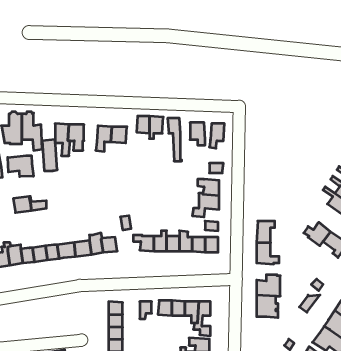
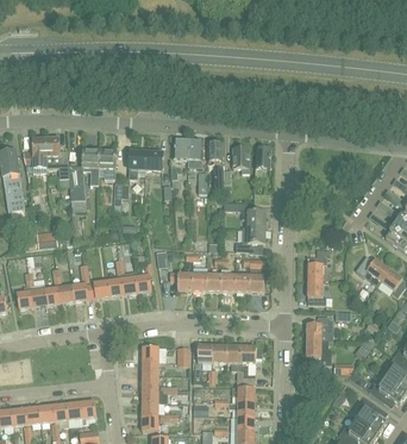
building: [8,156,33,177] -> none

